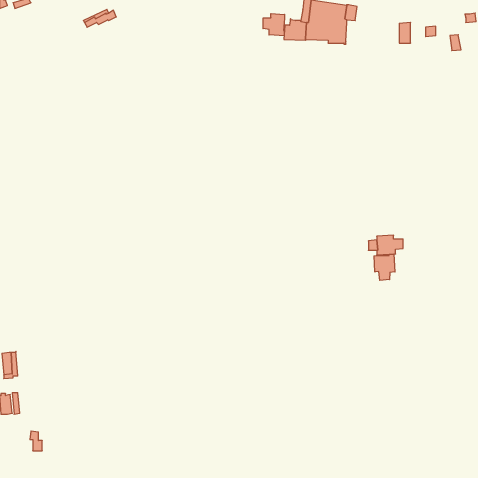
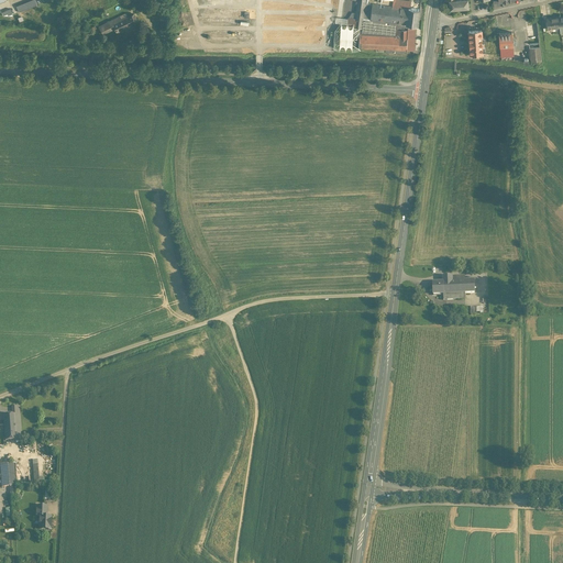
building: [263,14,285,36] -> none
building: [374,254,395,280] -> none

